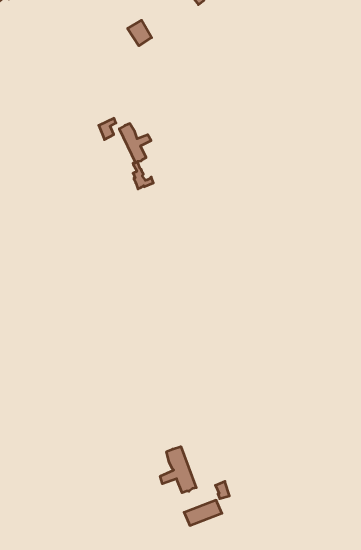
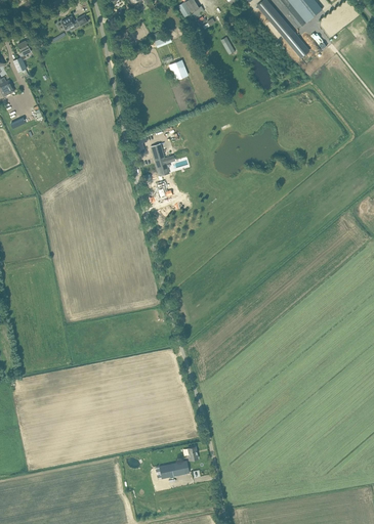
building: [160,447,196,493] -> none

